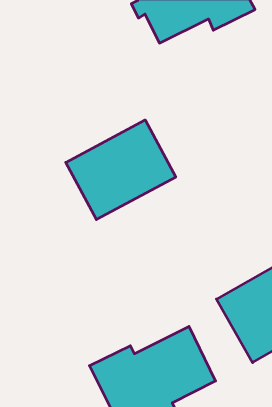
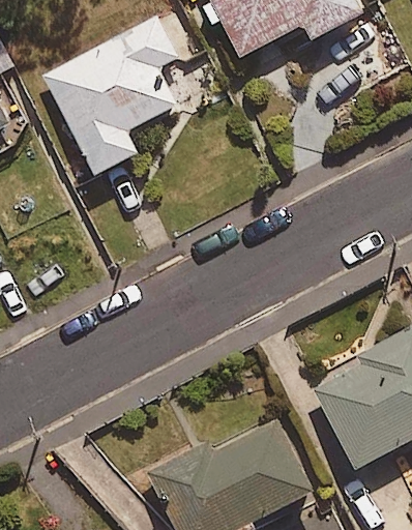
building: none -> [42,16,179,175]
building: [66,120,176,220] -> none

